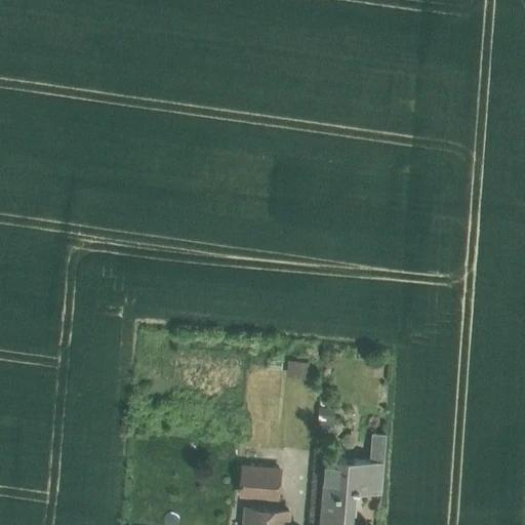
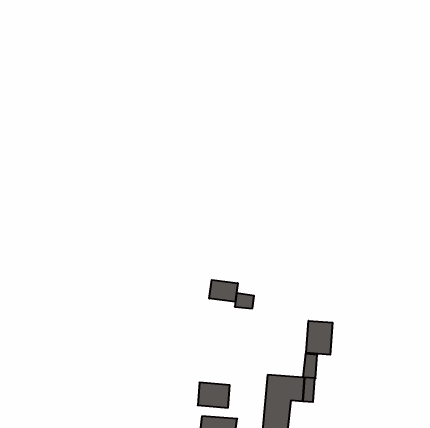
building: none -> [209,280,238,302]
building: none -> [306,321,333,355]

